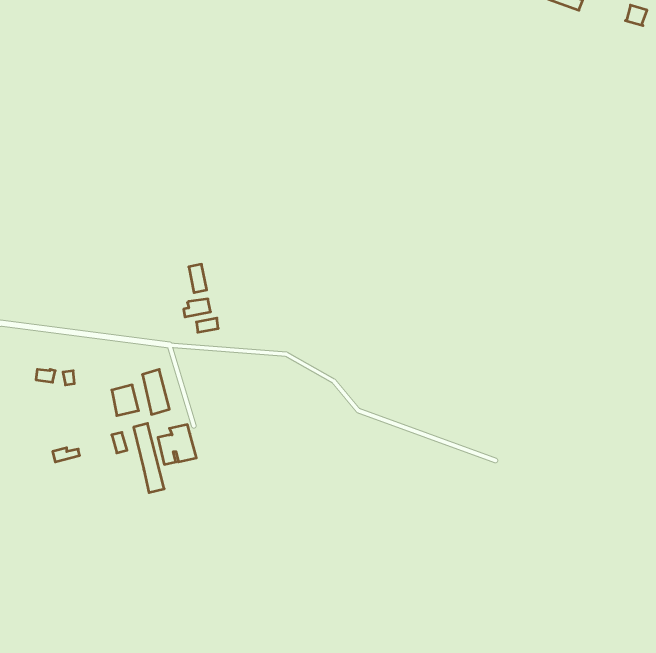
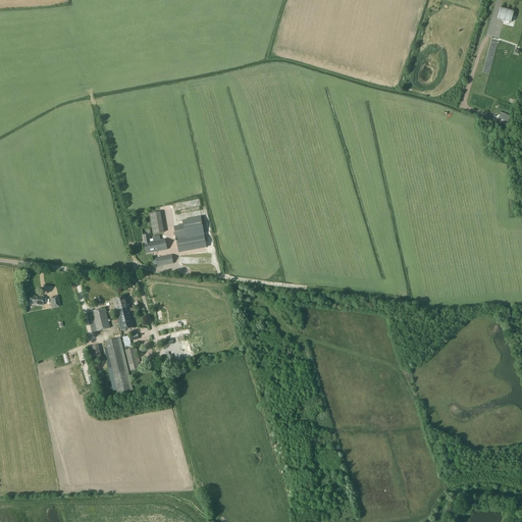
building: none -> [174,218,206,251]

